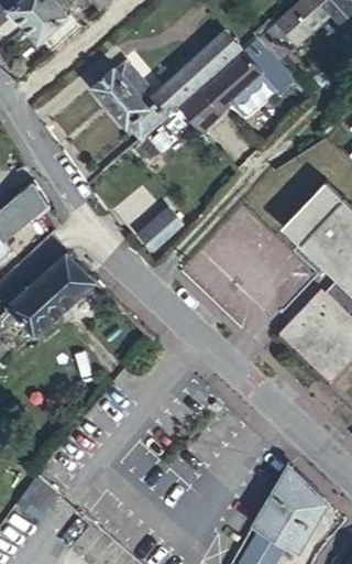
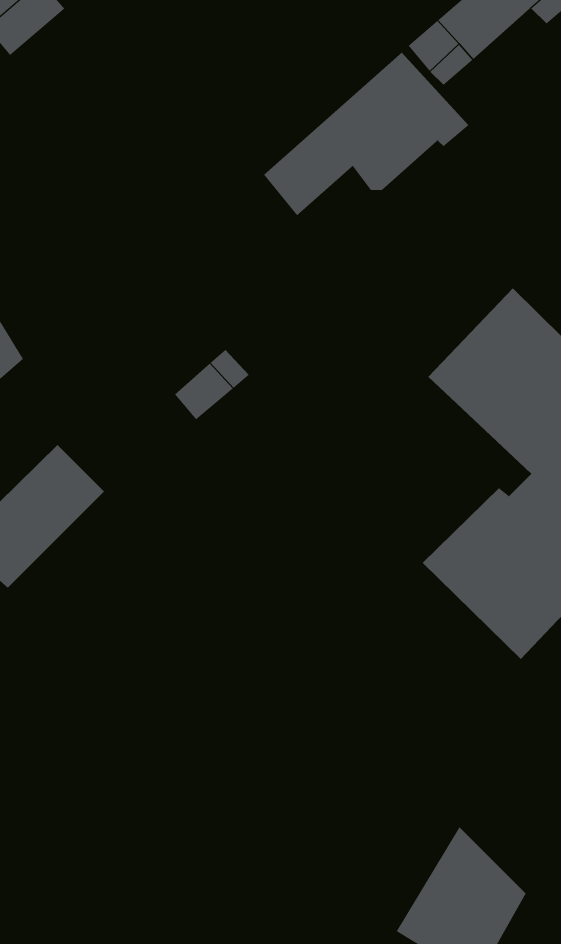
building: [96,13,257,134] -> none

